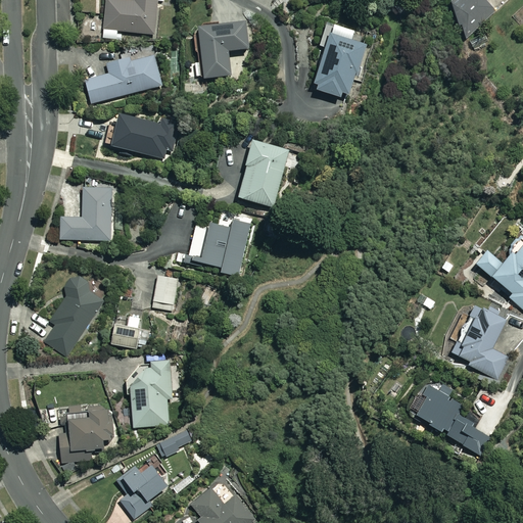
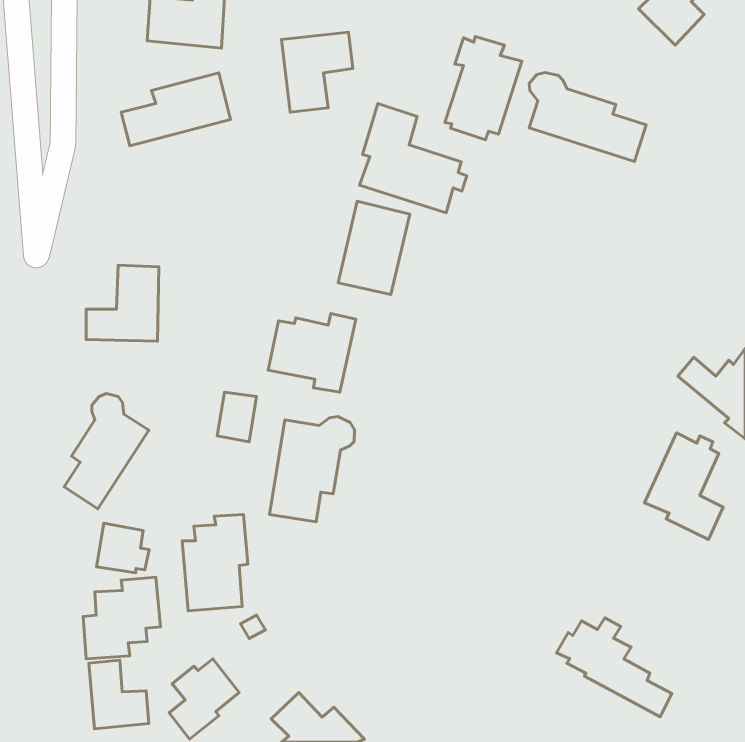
building: none -> [529,73,646,162]
building: none -> [360,104,467,213]
building: [105,116,177,157] -> none
building: none -> [270,416,354,522]
building: [110,314,147,348] -> [97,523,149,573]
building: [408,383,488,453] -> [557,618,672,717]
building: none -> [89,660,149,729]

